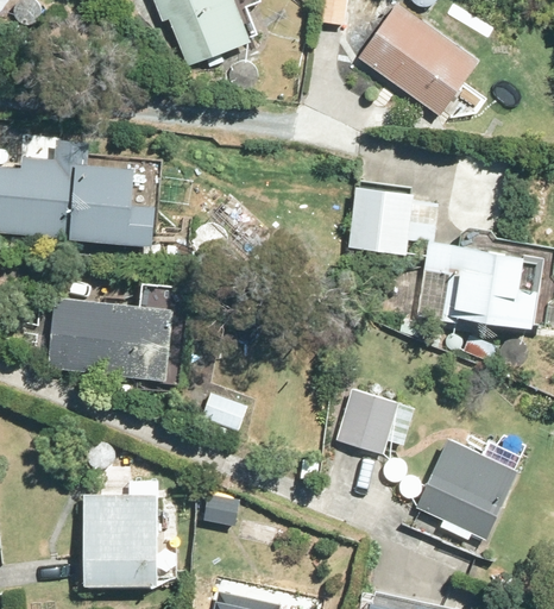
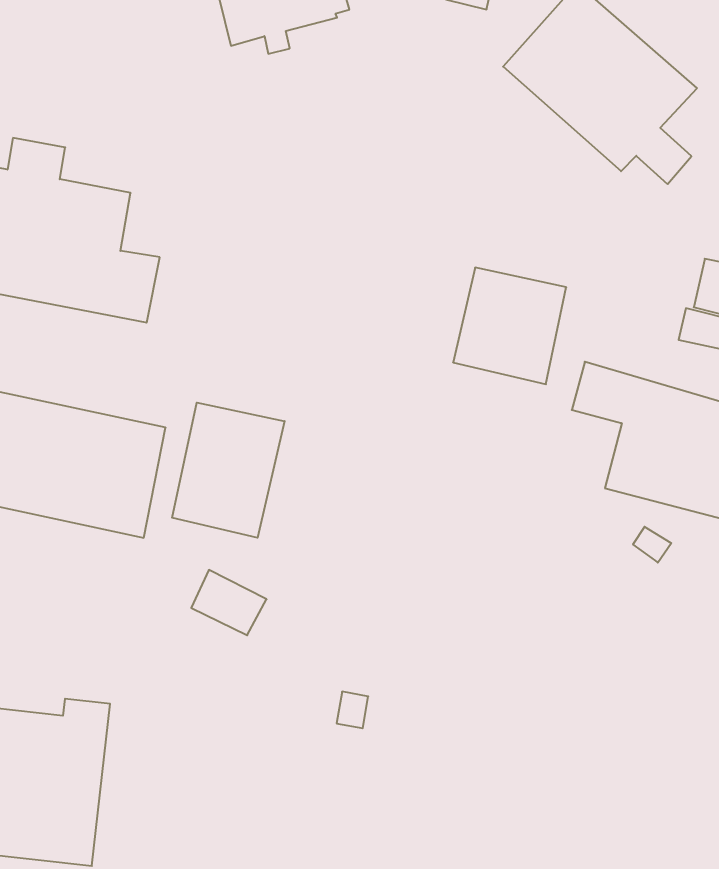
building: none -> [172,403,285,538]
building: [336,389,414,456] -> none
building: [416,438,518,540] -> none

